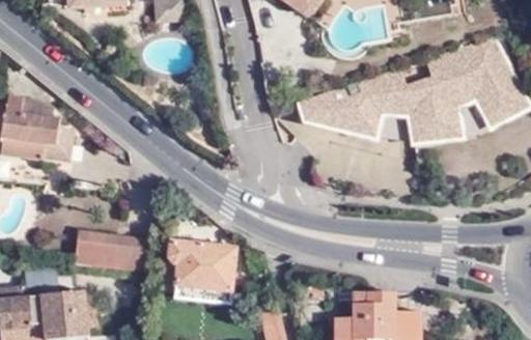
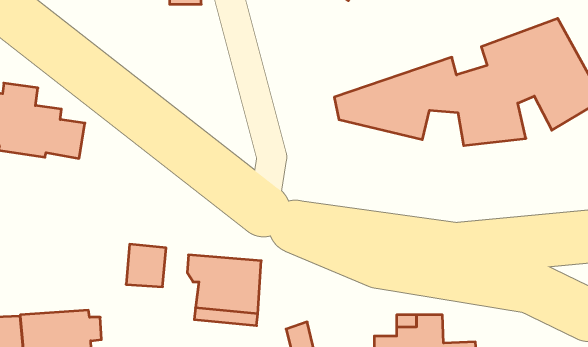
building: [78,227,117,266] -> none

